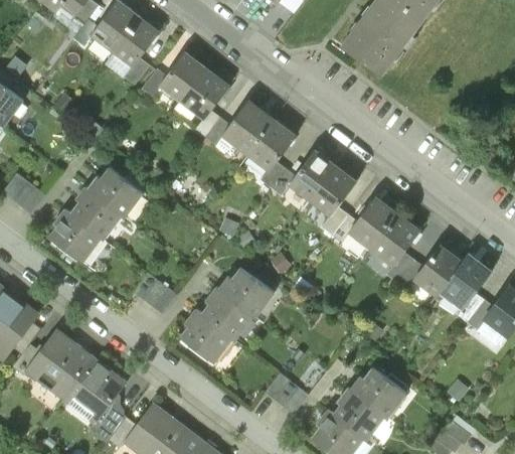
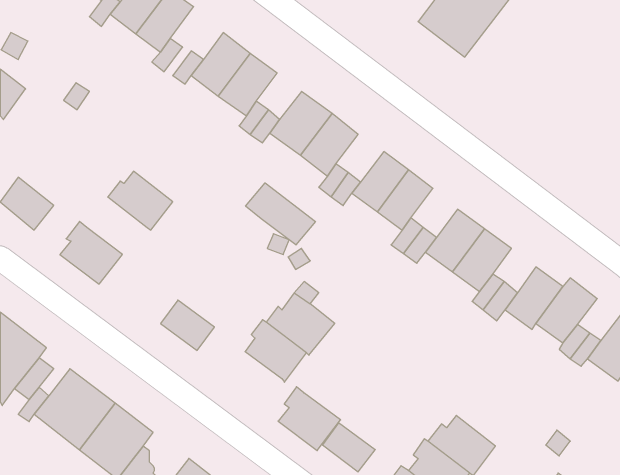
building: none -> [246,183,315,245]
building: [71,185,121,238] -> none
building: [180,310,231,362] -> [278,387,341,451]

